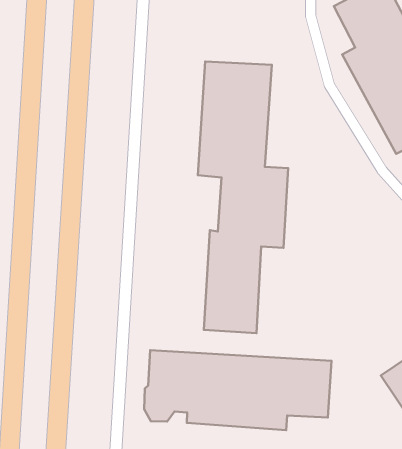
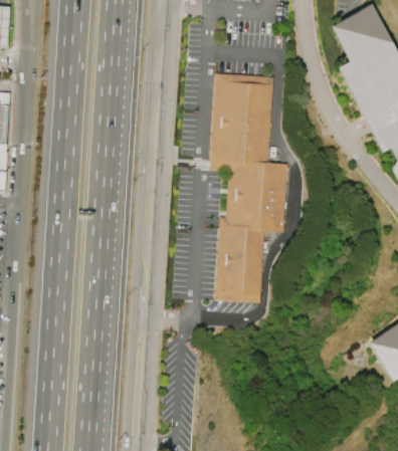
building: [144,350,331,430] -> none

